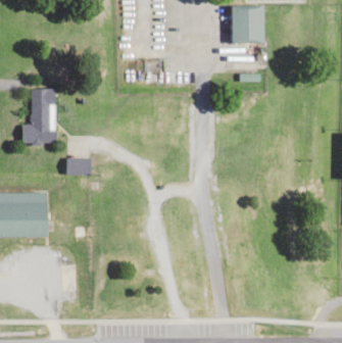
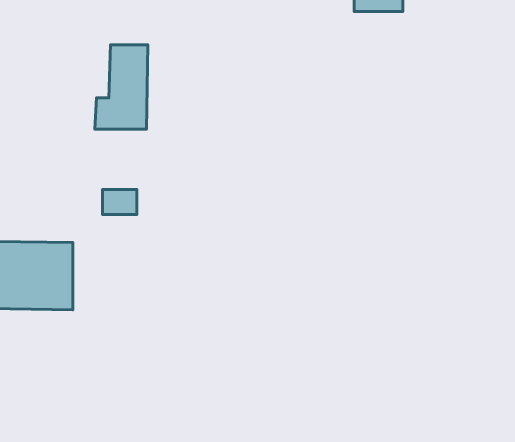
building: [21,89,56,144] -> [95,45,148,129]

